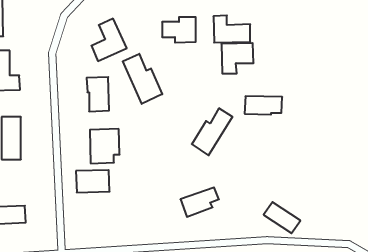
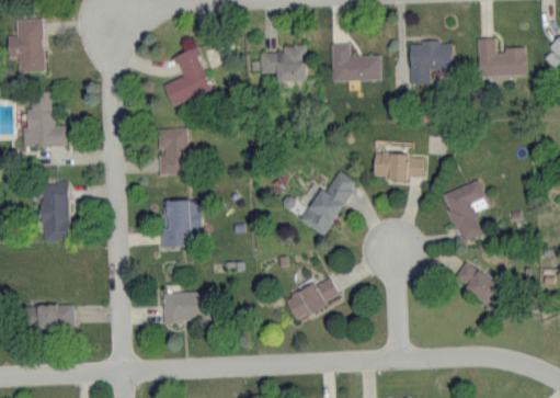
building: none -> [478,38,526,77]
building: [221,43,254,74] -> [410,42,454,83]
building: [123,54,162,104] -> none
building: none -> [444,180,488,242]
building: [76,170,110,192] -> [163,292,209,322]
building: [264,202,300,233] -> [454,262,504,305]

